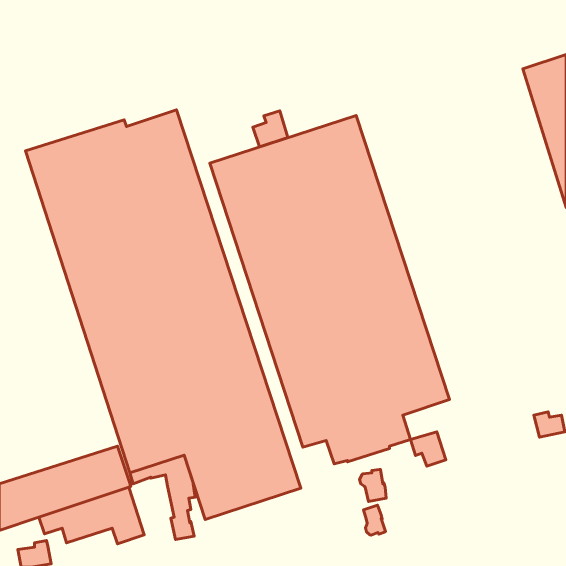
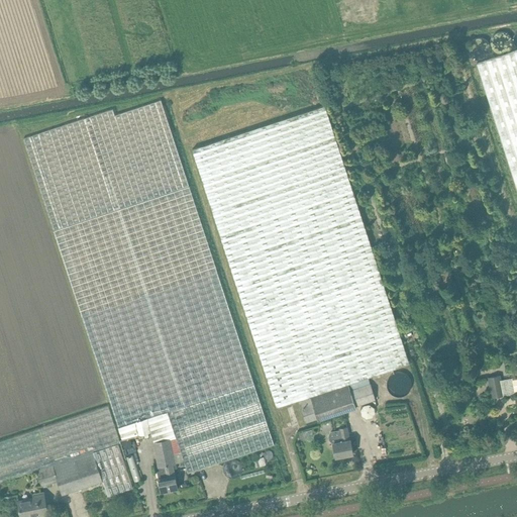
building: [253,111,288,147] -> none
building: [411,432,446,466] -> none
building: [364,505,385,535] -> none

